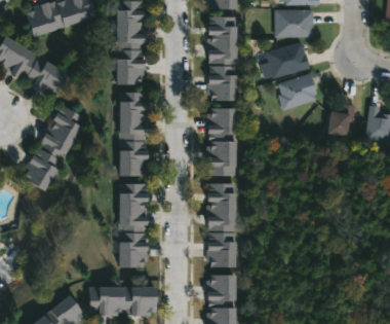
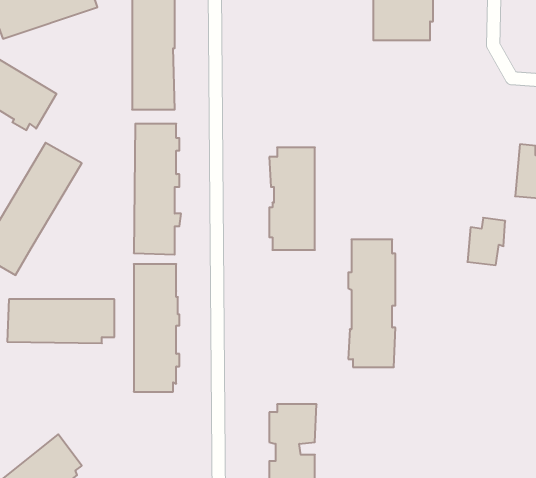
building: [206,15,238,99] -> none
building: [265,40,309,79] -> none
building: [277,73,318,110] -> none
building: [330,104,355,135] -> [467,218,505,265]
building: [206,183,237,266] -> [348,239,395,367]
building: [87,287,157,316] -> [7,299,114,343]

